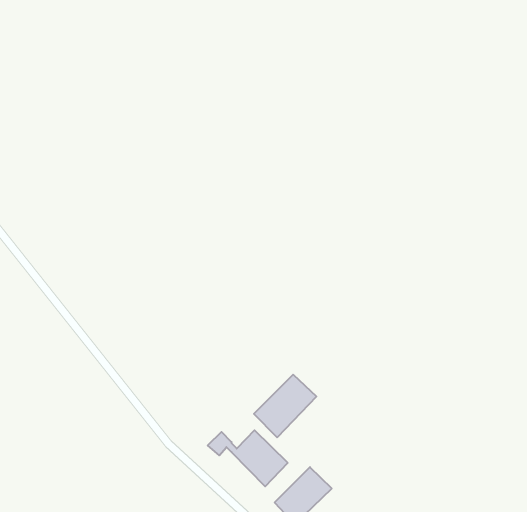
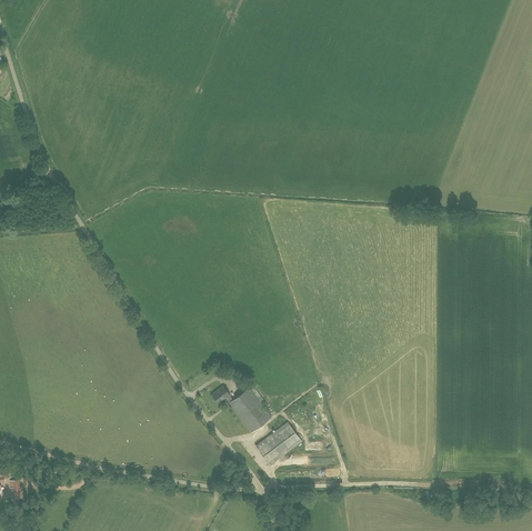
building: [254,375,316,437] -> none

